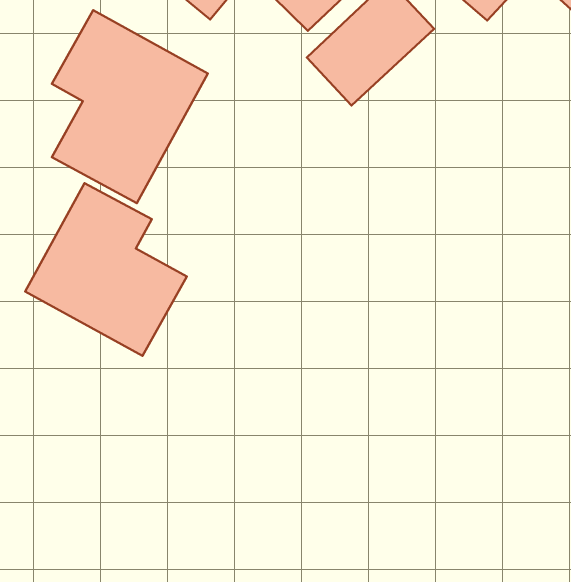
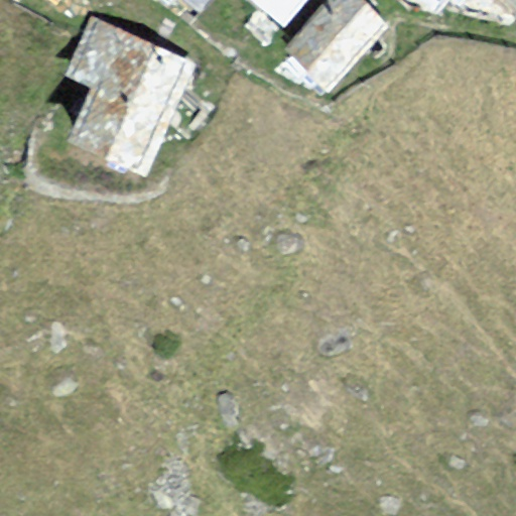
building: [25,183,187,356] -> none

